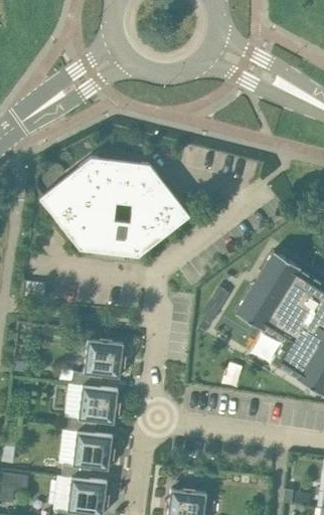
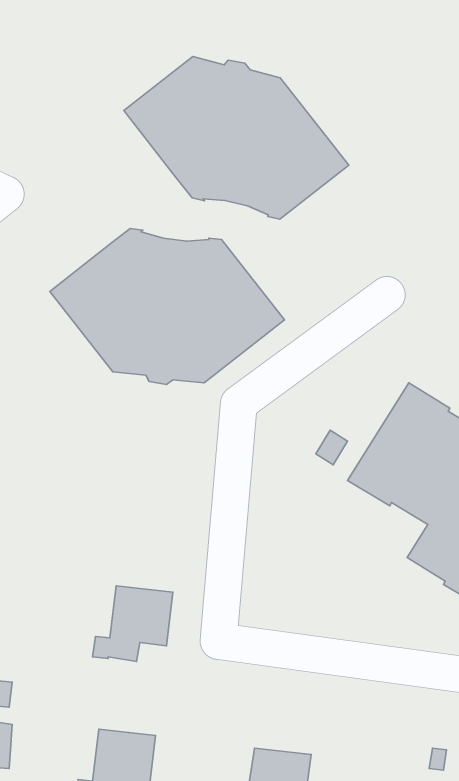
building: none -> [124,56,349,219]
building: [73,339,124,387] -> none
building: [62,431,113,479] -> none

